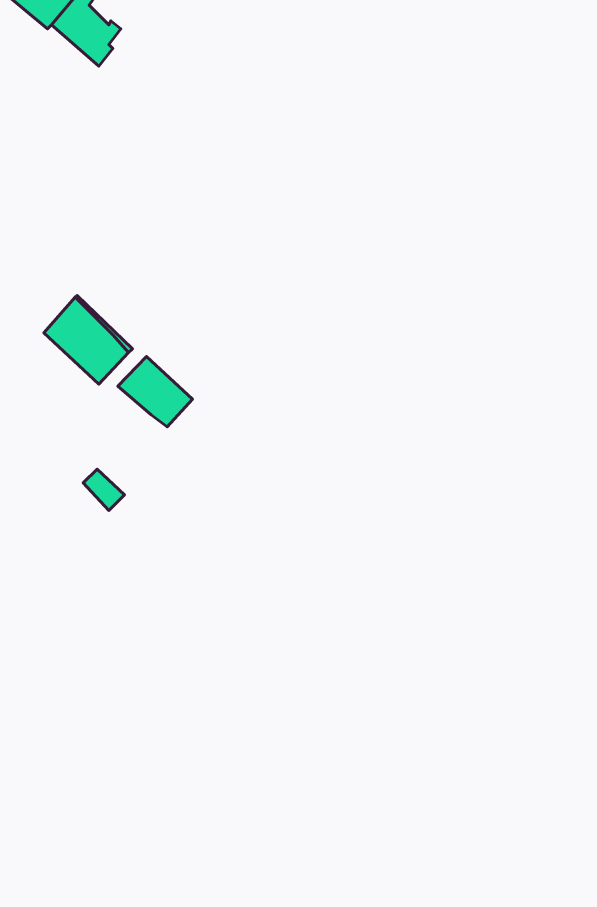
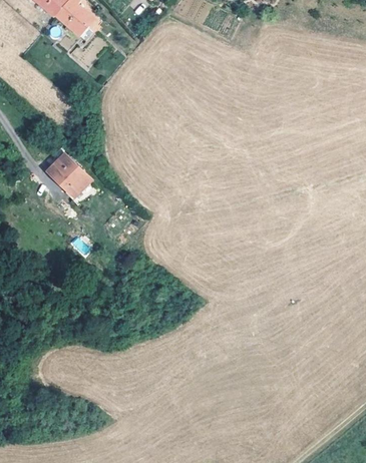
building: [118,357,192,427] -> none

